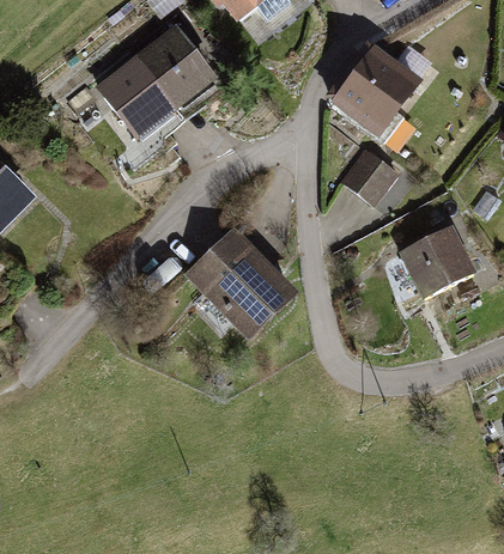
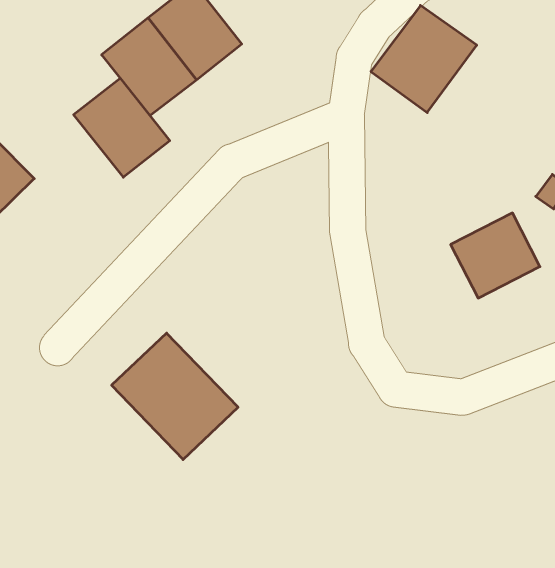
building: none -> [74,78,170,177]
building: [341,148,400,207] -> none
building: [186,227,296,337] -> [112,333,238,460]

